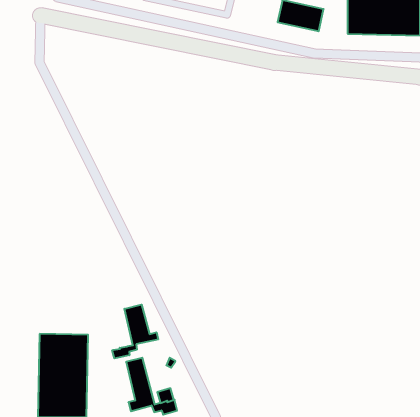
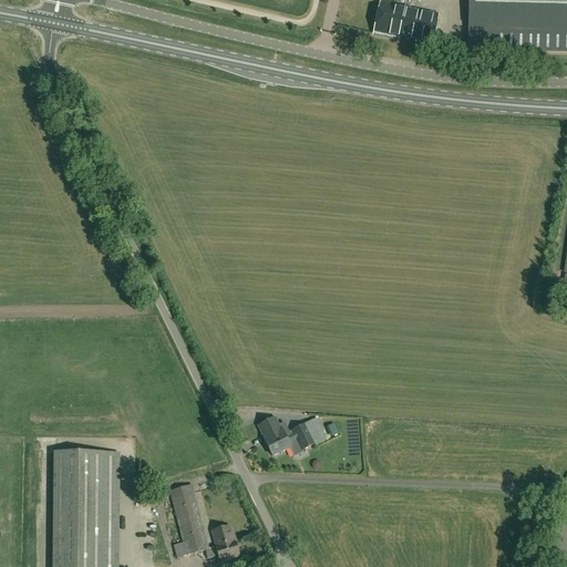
building: [112,305,158,358] -> none
building: none -> [258,417,316,453]

